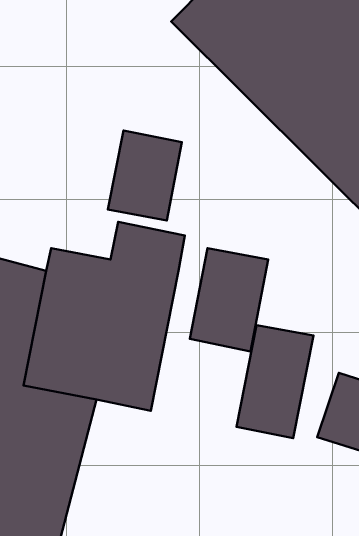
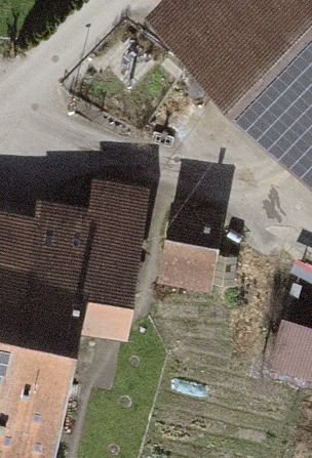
building: [108,130,182,220] -> none
building: [237,325,313,438] -> none

